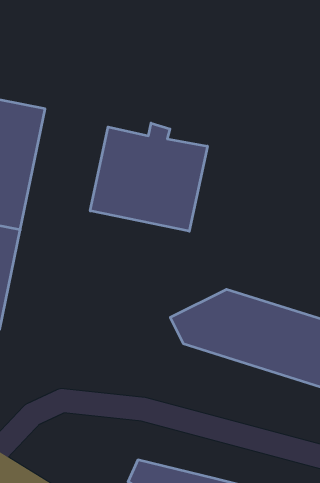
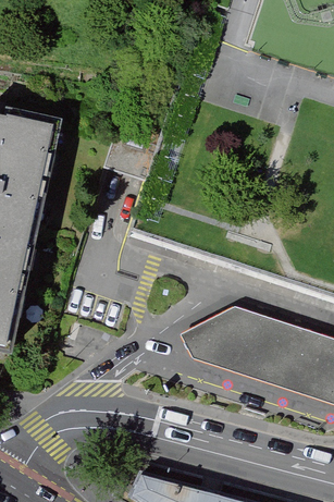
building: [90,123,207,231] -> none

